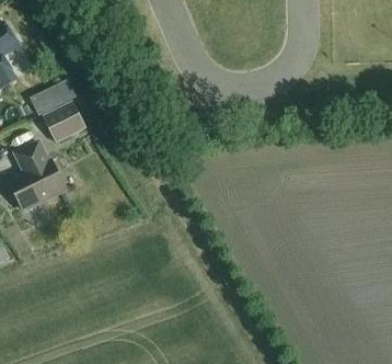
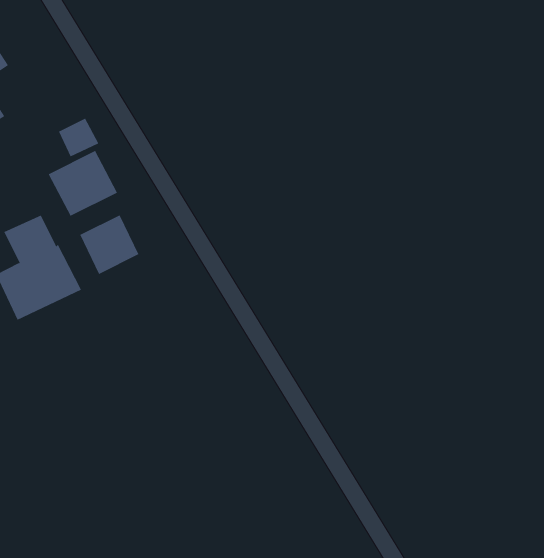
building: none -> [80,214,139,275]

